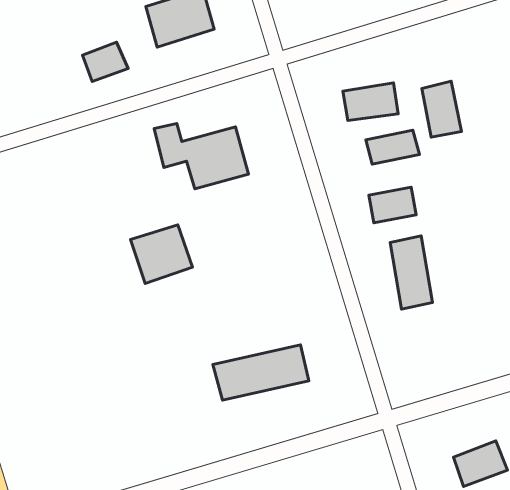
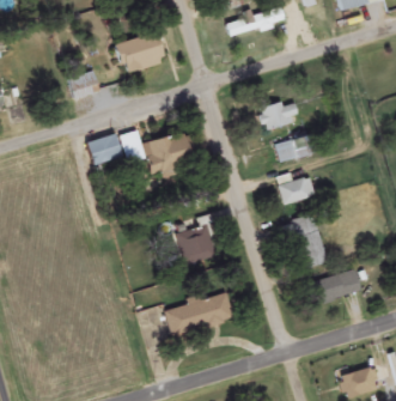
building: [422,81,461,137] -> none
building: none -> [85,134,121,164]
building: [131,225,193,283] -> [172,223,218,266]
building: none -> [305,268,361,304]

